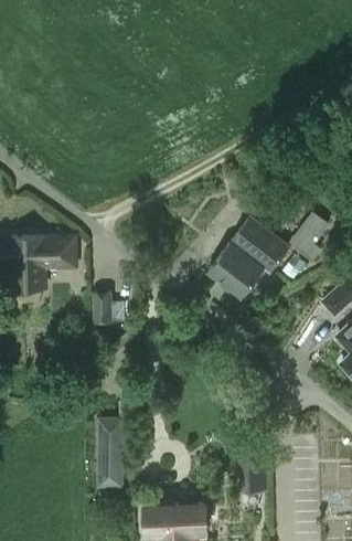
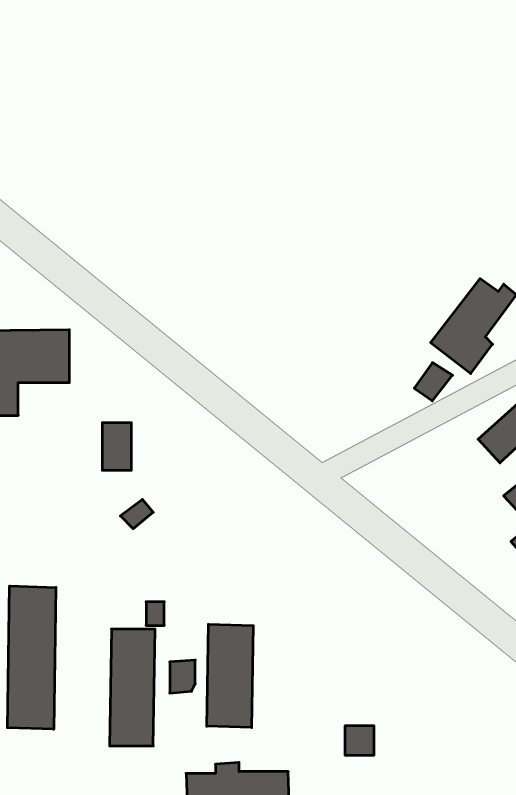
building: [207,216,288,296] -> none
building: none -> [7,586,56,729]
building: none -> [207,624,253,728]

